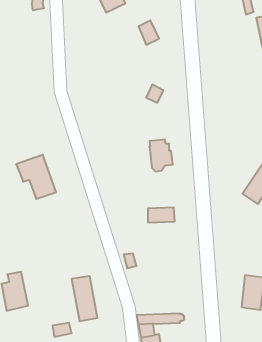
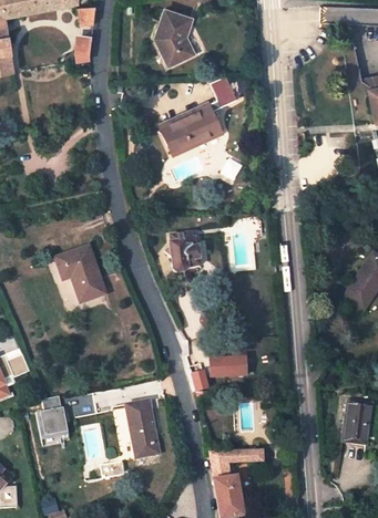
building: none -> [160,102,223,153]
building: [149,139,173,171] -> [170,231,200,272]
building: [148,208,175,222] -> [208,361,243,380]

